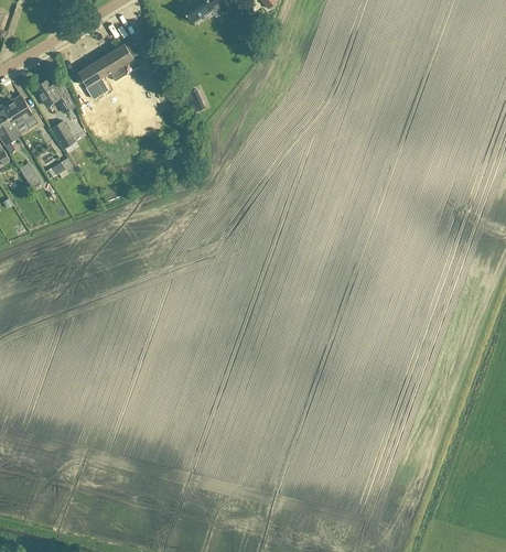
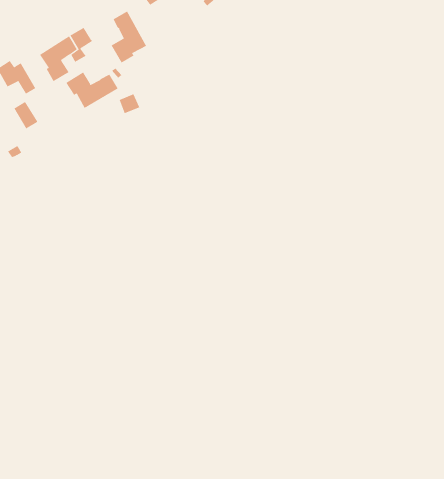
building: none -> [111,10,147,64]
building: none -> [66,71,119,109]

